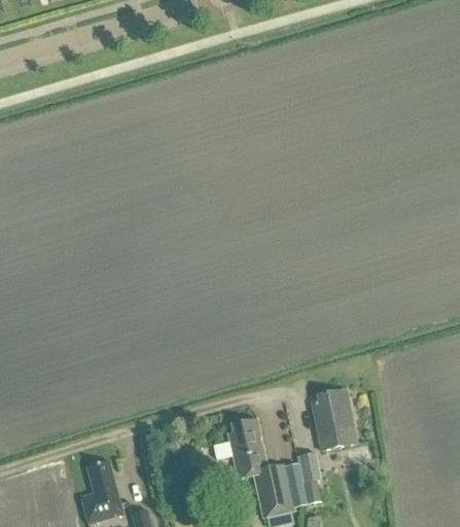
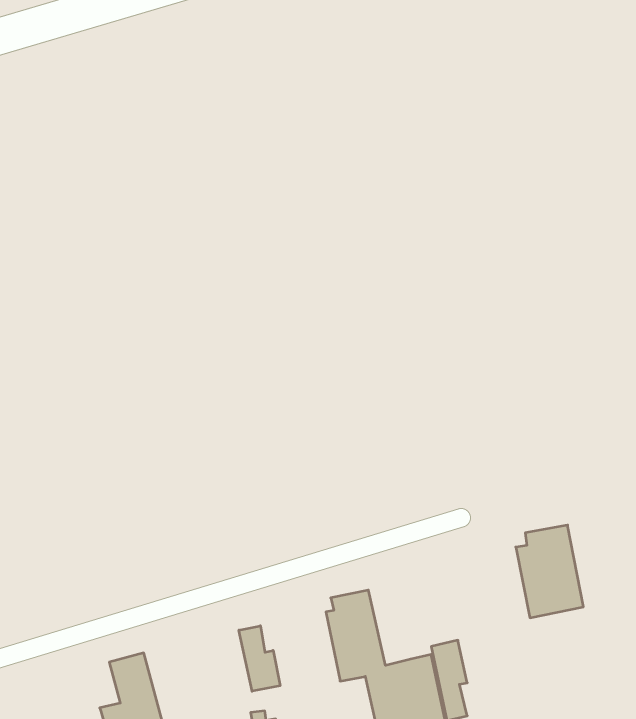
building: [312,389,356,450] -> [516,525,583,618]
building: none -> [239,626,280,691]

